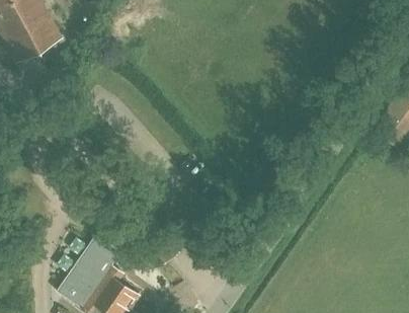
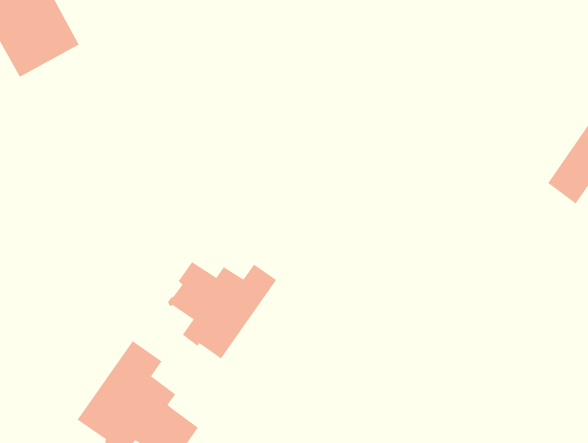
building: none -> [167,261,277,360]

